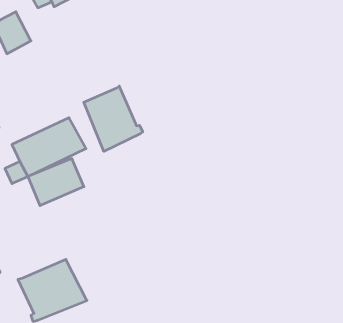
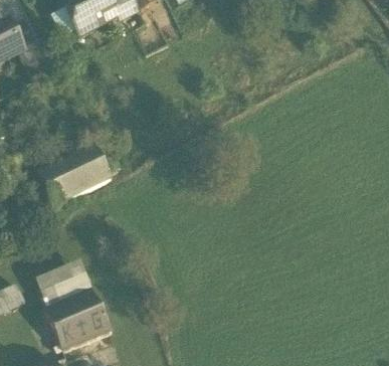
building: [84,86,143,151] -> none
building: [28,159,84,206] -> [35,259,91,307]

